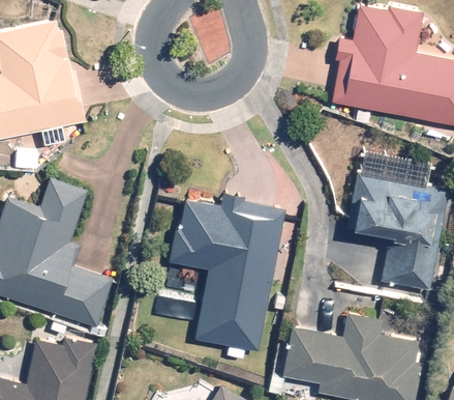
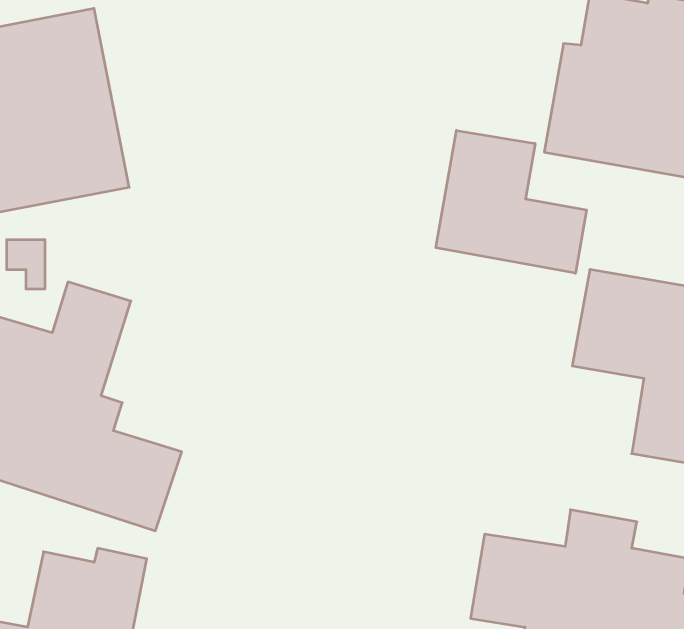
building: none -> [436,130,587,273]
building: [172,192,282,360] -> none

